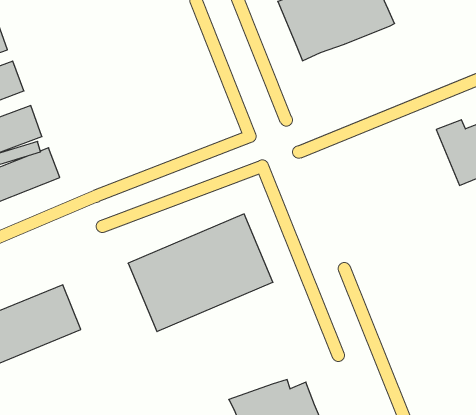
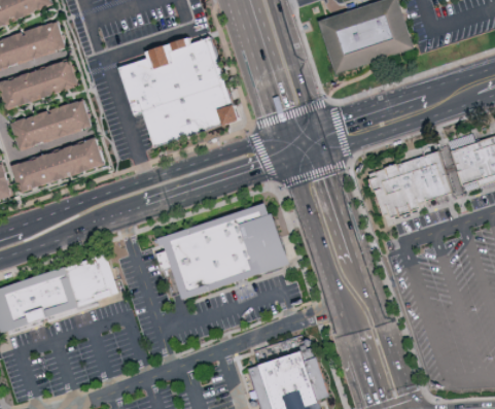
building: none -> [112,33,238,149]
building: none -> [363,150,447,217]

